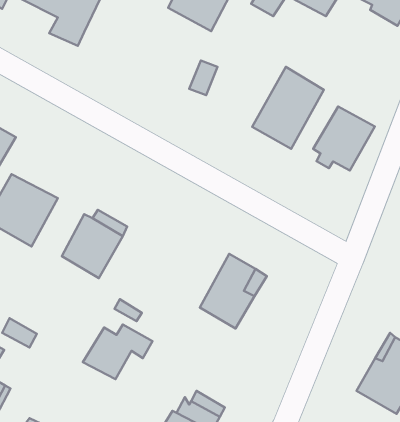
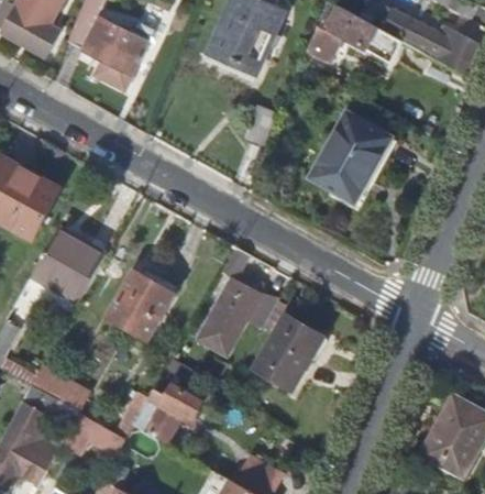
building: [313,107,375,171] -> none
building: none -> [194,246,277,355]
building: none -> [62,410,125,453]

